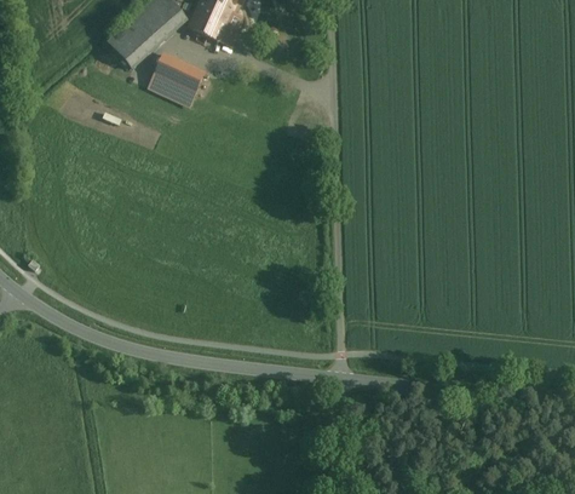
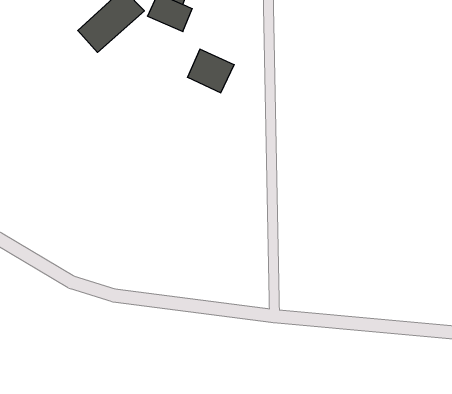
building: [149,52,203,103] -> [187,49,234,93]

